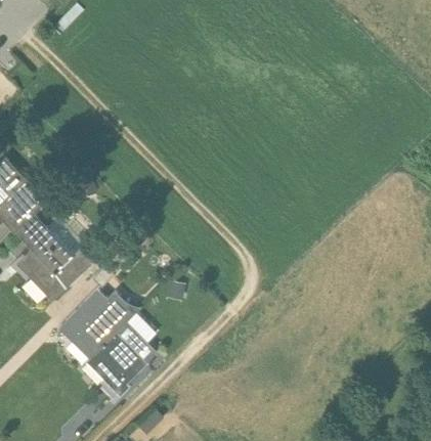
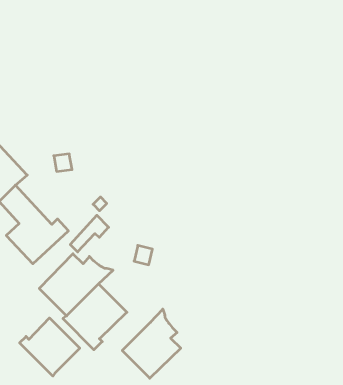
building: none -> [122,309,181,378]
building: none -> [20,318,80,376]

